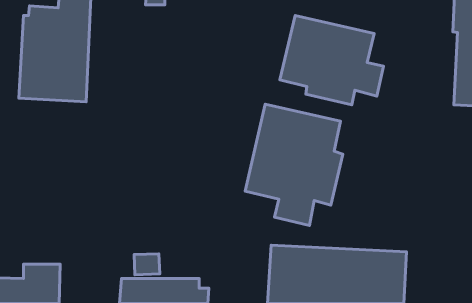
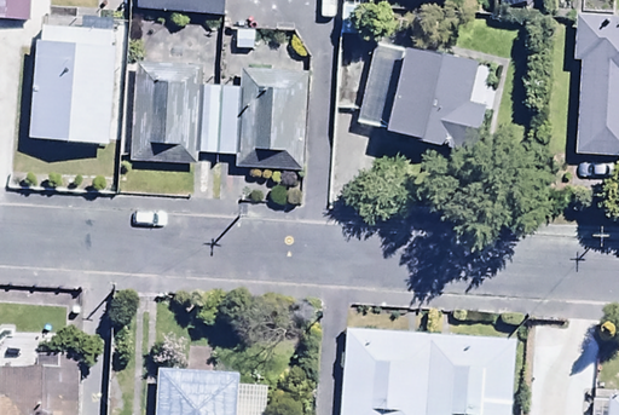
building: none -> [133,62,303,167]
building: [245,104,343,225] -> none

